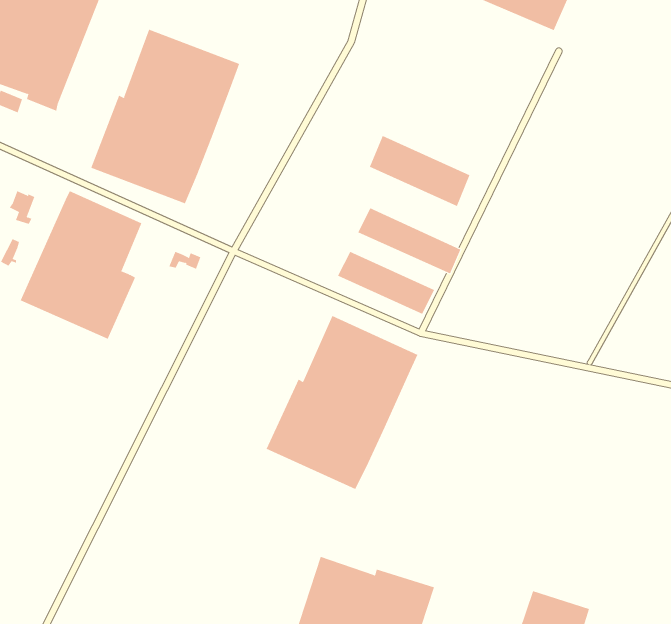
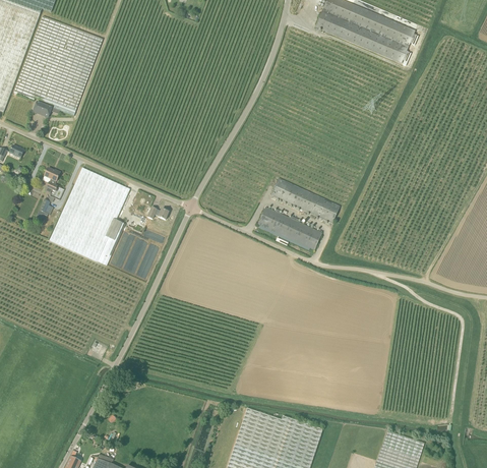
building: [91,29,240,204] -> none
building: [369,135,470,207] -> none
building: [266,315,418,490] -> none

